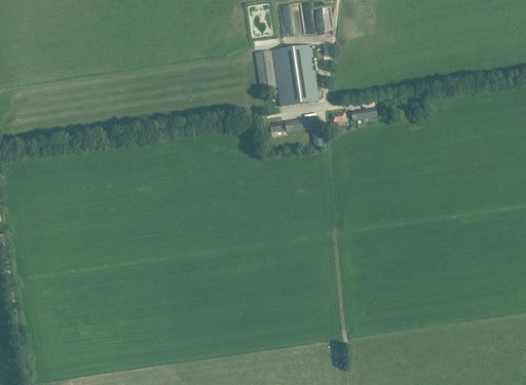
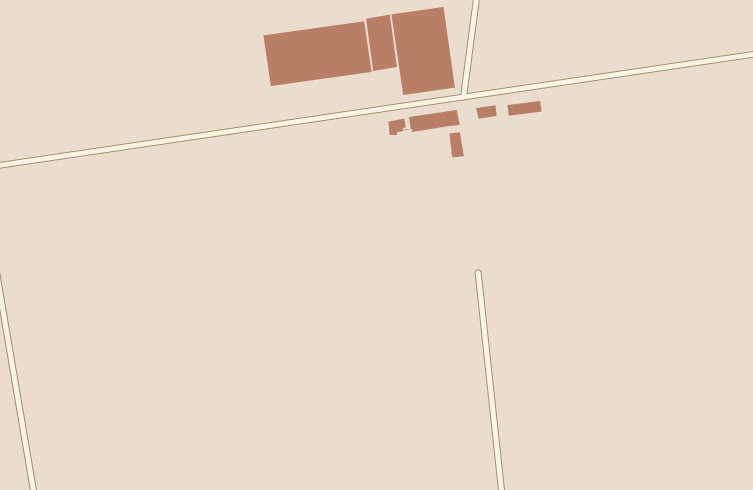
building: none -> [262,20,373,87]

